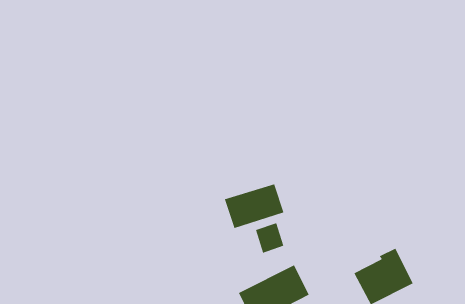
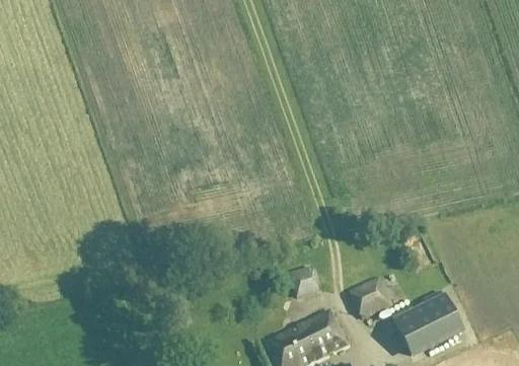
building: [224,183,284,229] -> none
building: none -> [350,275,395,318]

